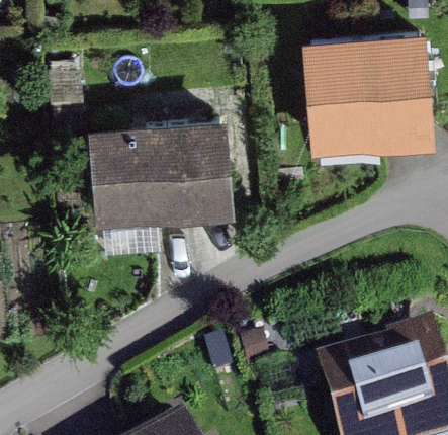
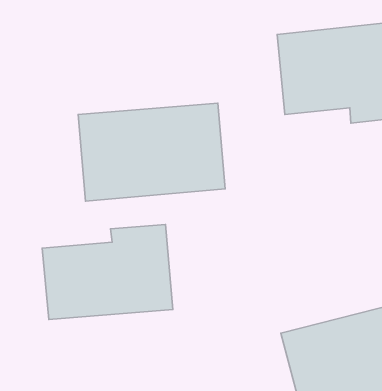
building: none -> [42,224,173,320]

